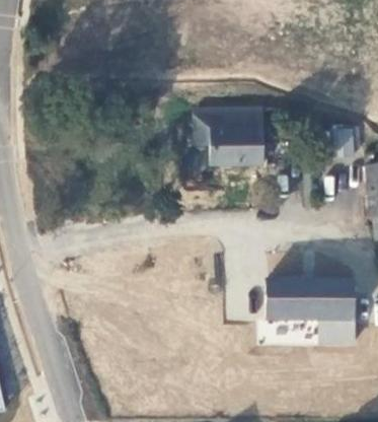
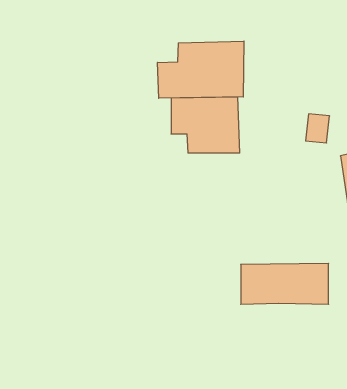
building: none -> [158,41,244,98]
building: [303,319,355,343] -> none

